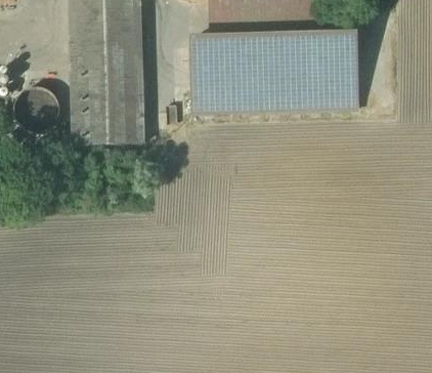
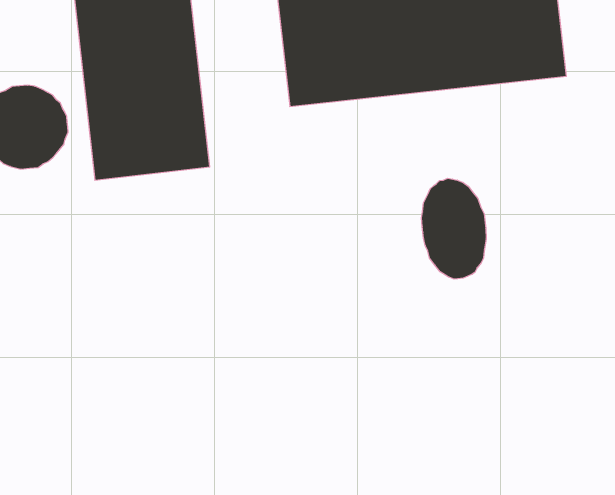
building: none -> [421,178,486,279]

